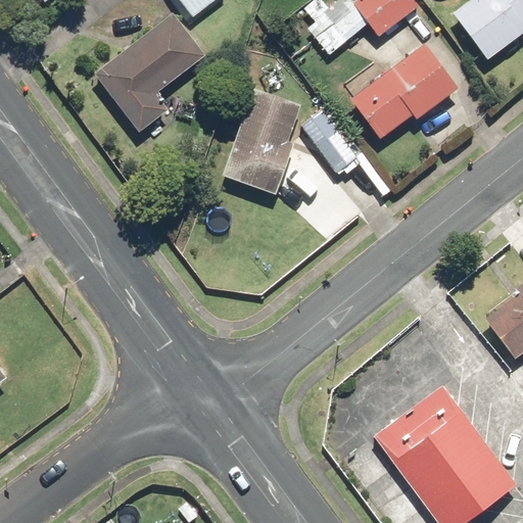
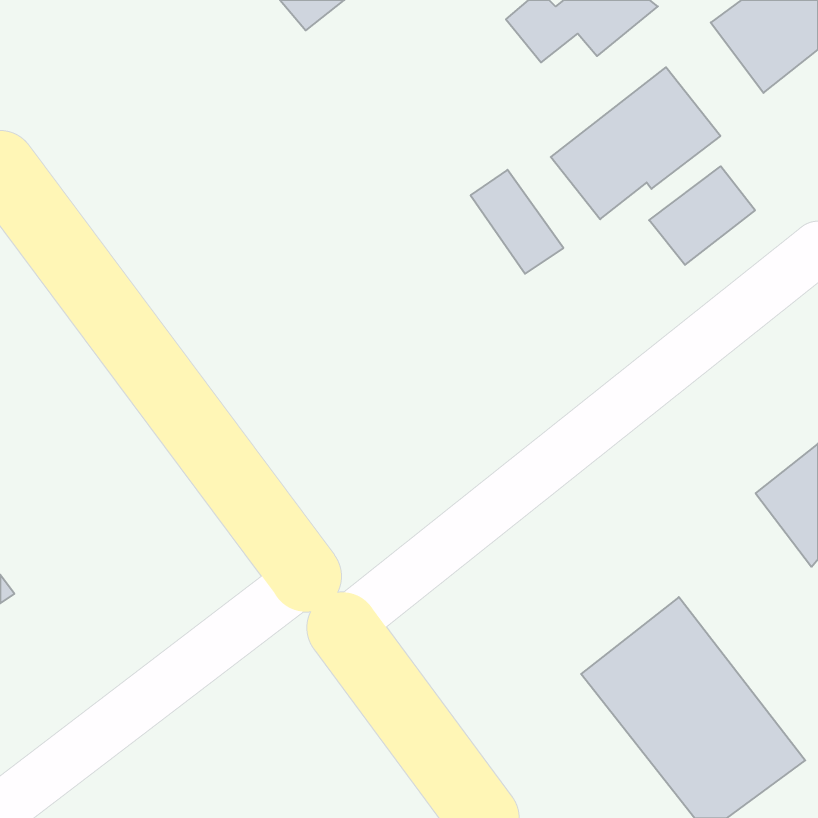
building: [95,13,206,132] -> none
building: [223,88,300,196] -> none
building: none -> [649,166,755,265]

